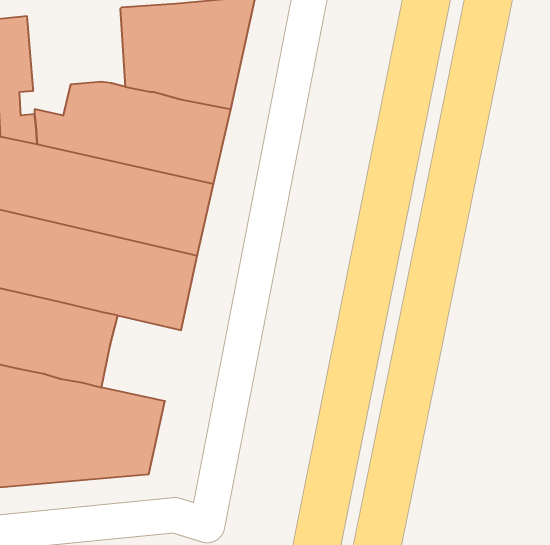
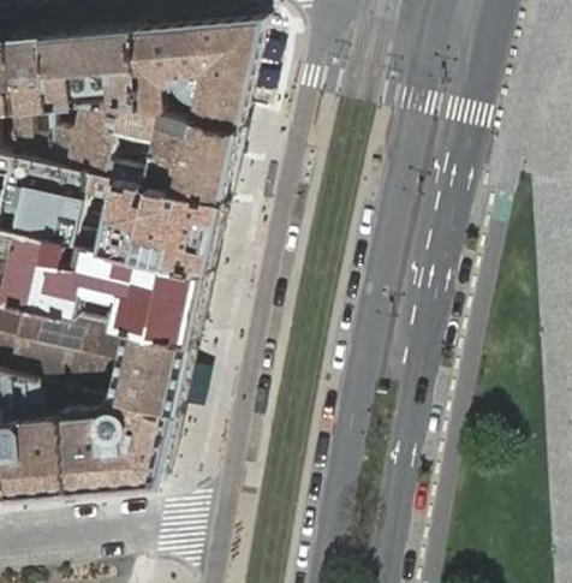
building: none -> [34,32,129,109]
building: none -> [106,329,183,412]

